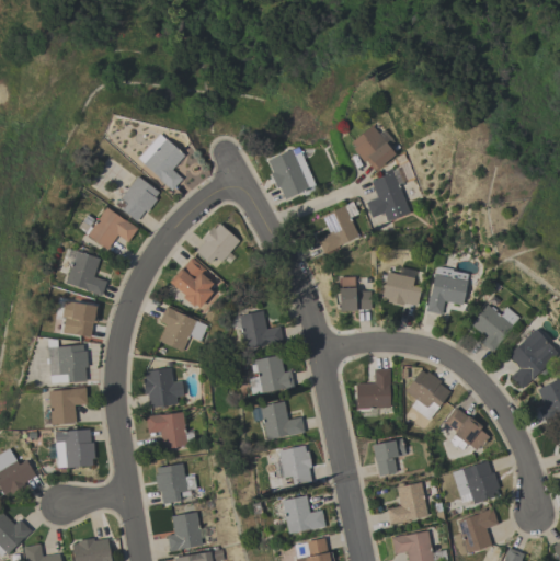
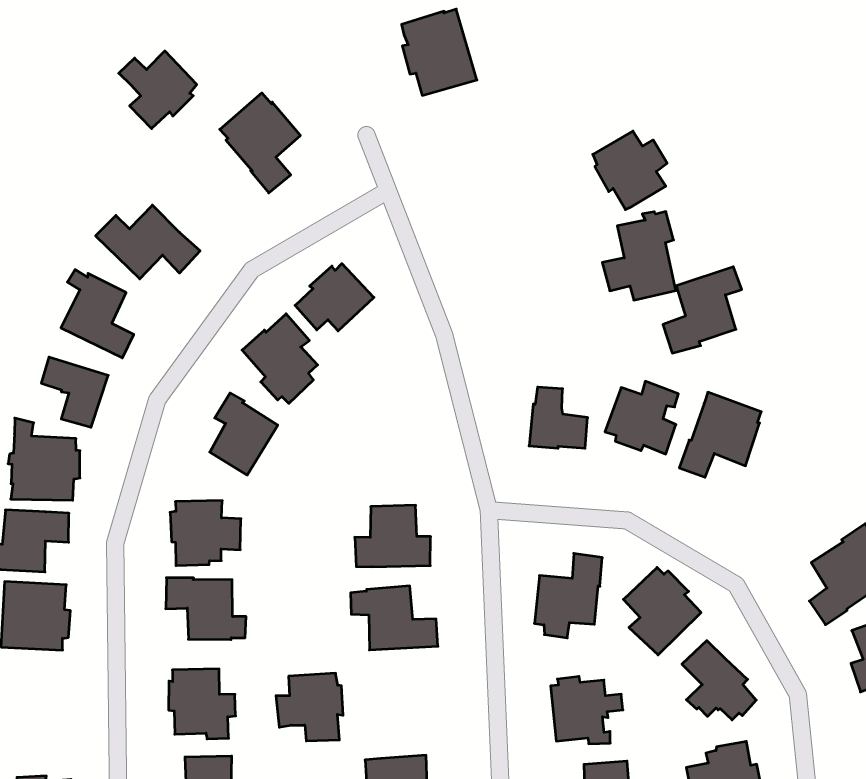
building: [268,147,316,198] -> [402,9,477,95]
building: [114,175,159,220] -> [119,51,197,129]
building: [318,201,359,254] -> [663,267,742,353]
building: [471,304,519,352] -> none
building: [239,309,283,348] -> none
building: [273,444,312,484] -> [276,673,343,741]

